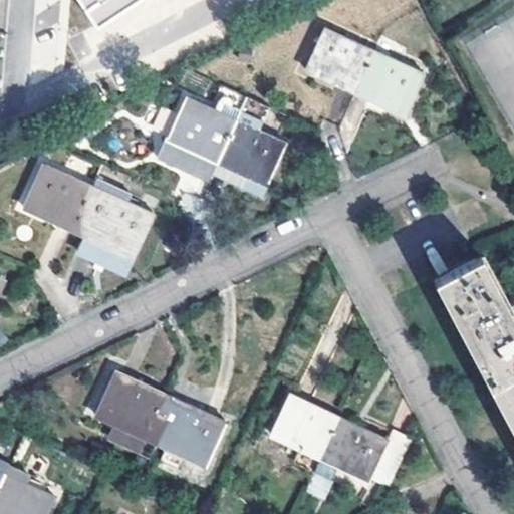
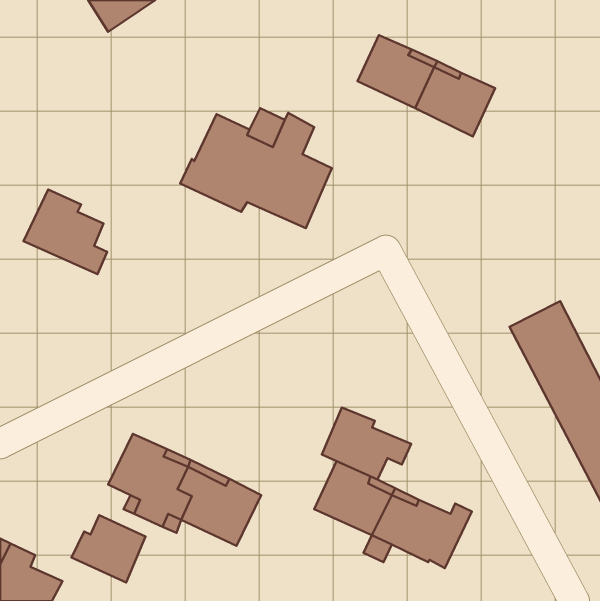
building: [77,178,152,270] -> none
building: none -> [322,407,411,479]
building: none -> [72,515,145,583]

